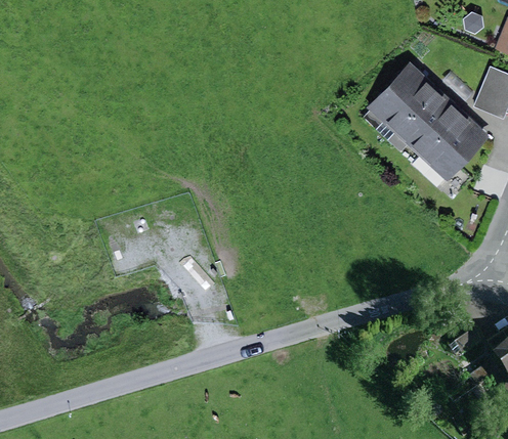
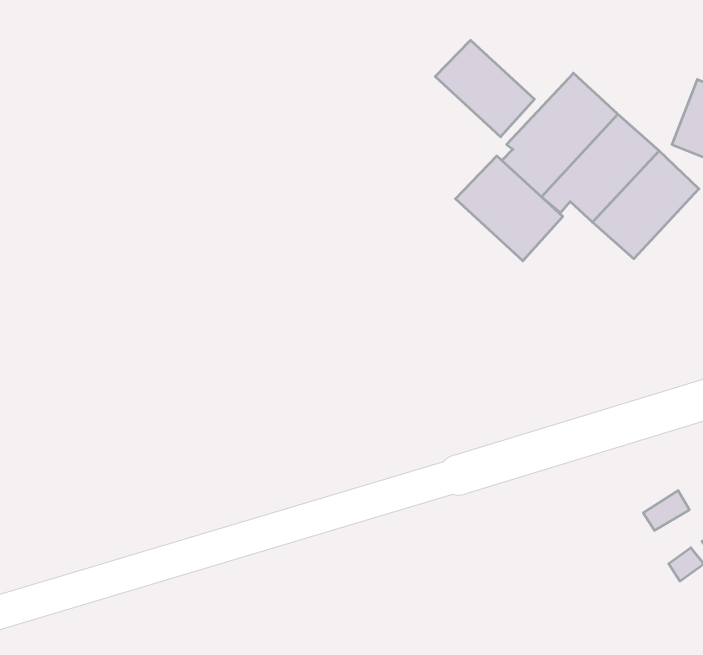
building: none -> [435,40,534,137]
building: none -> [455,156,563,261]

